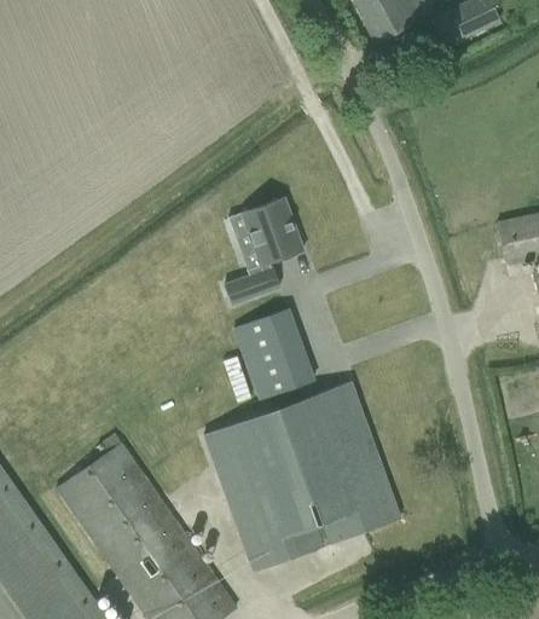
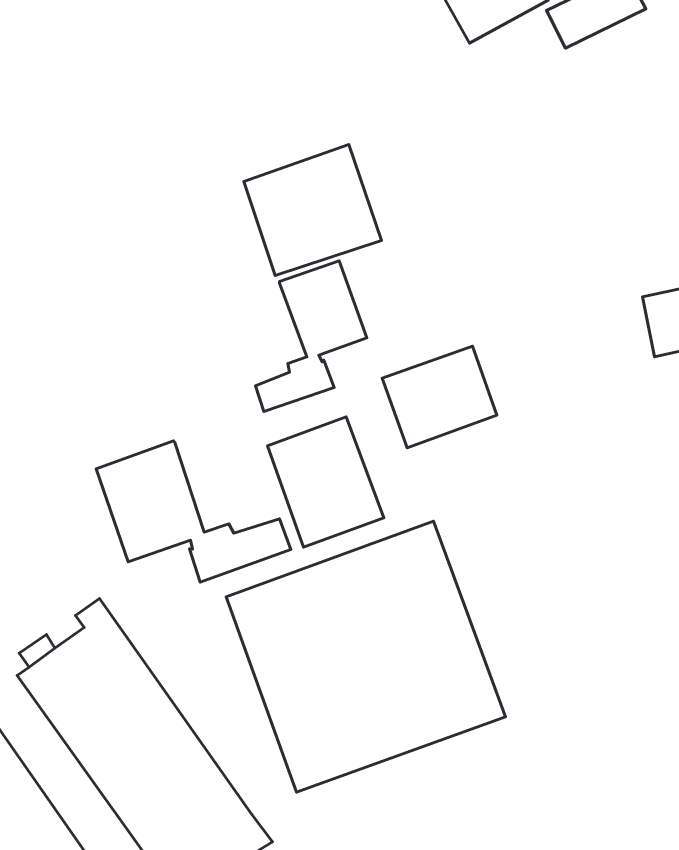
building: none -> [244,145,382,276]
building: none -> [382,346,497,448]
building: none -> [96,441,291,582]

